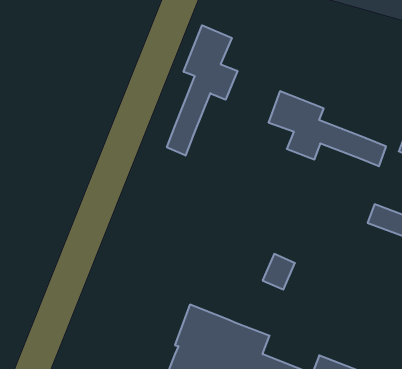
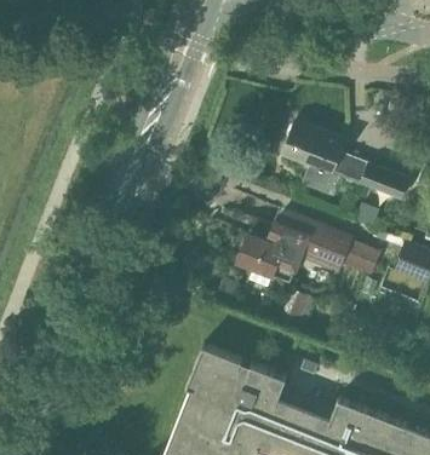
building: [167,25,237,156] -> none
building: none -> [237,209,378,287]

